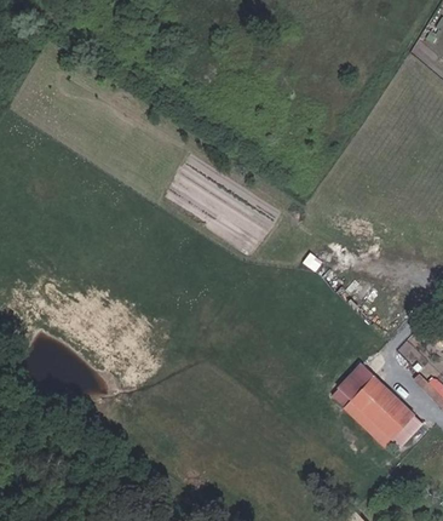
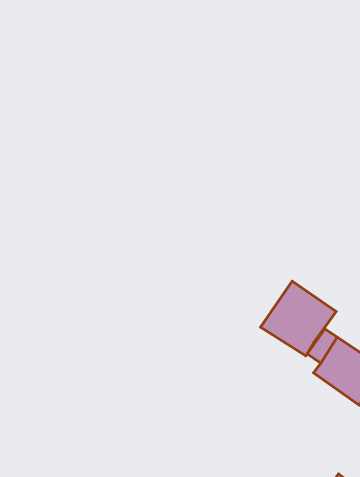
building: none -> [261,281,336,356]

